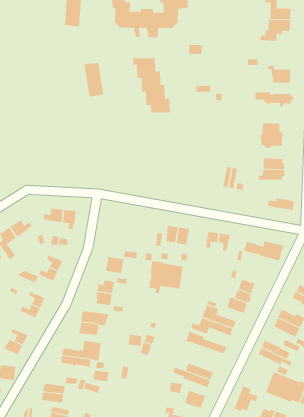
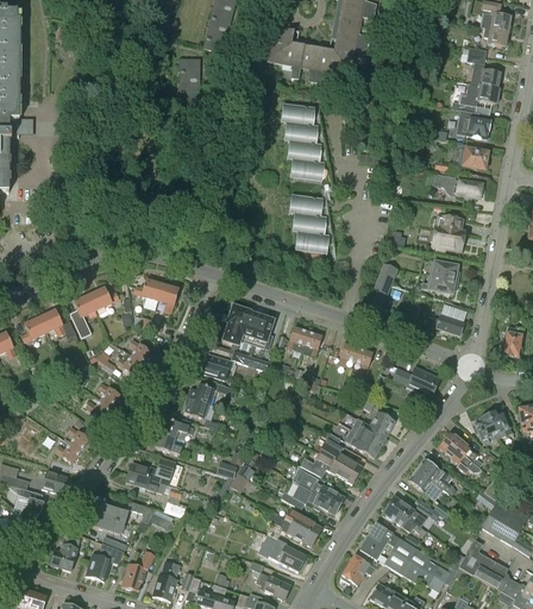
building: none -> [457,111,491,138]
building: [83,62,104,97] -> [180,58,200,102]
building: none -> [290,195,330,255]
building: [149,261,184,294] -> [224,306,274,350]
building: none -> [281,484,339,515]
building: none -> [359,523,400,559]

